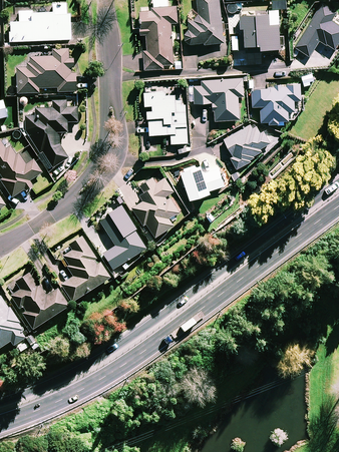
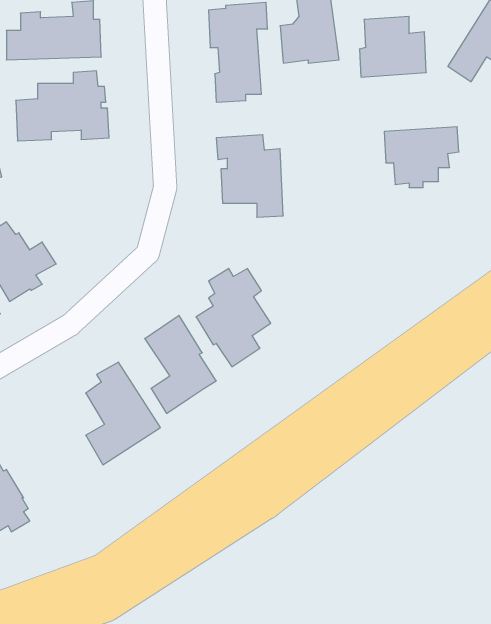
building: [193,76,244,119] -> none
building: [23,99,77,169] -> none
building: [223,120,270,167] -> none
building: [182,165,224,199] -> none
building: [10,272,68,329] -> none

